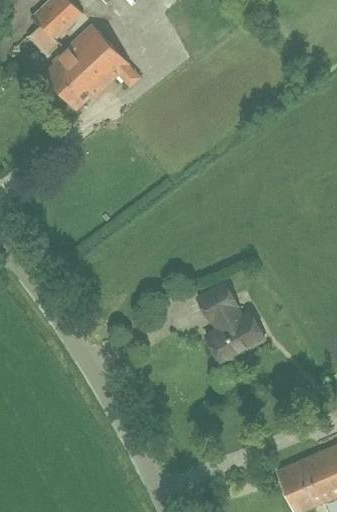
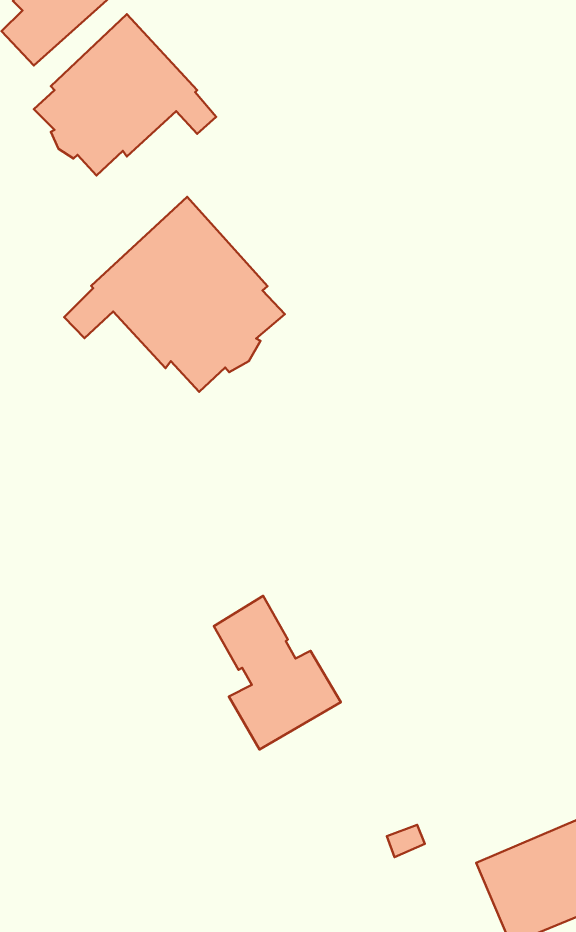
building: none -> [64,197,285,392]
building: [197,283,264,364] -> [214,596,341,749]

